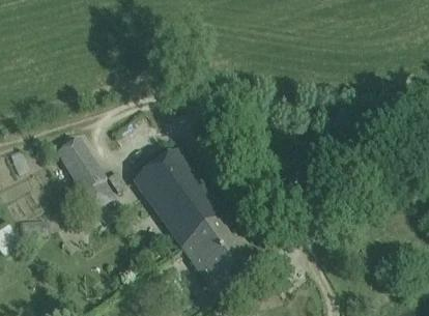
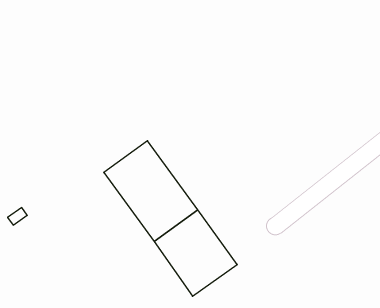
building: [55,137,104,204] -> none

